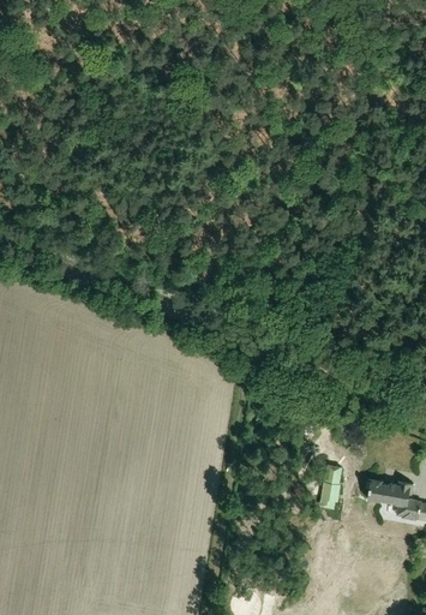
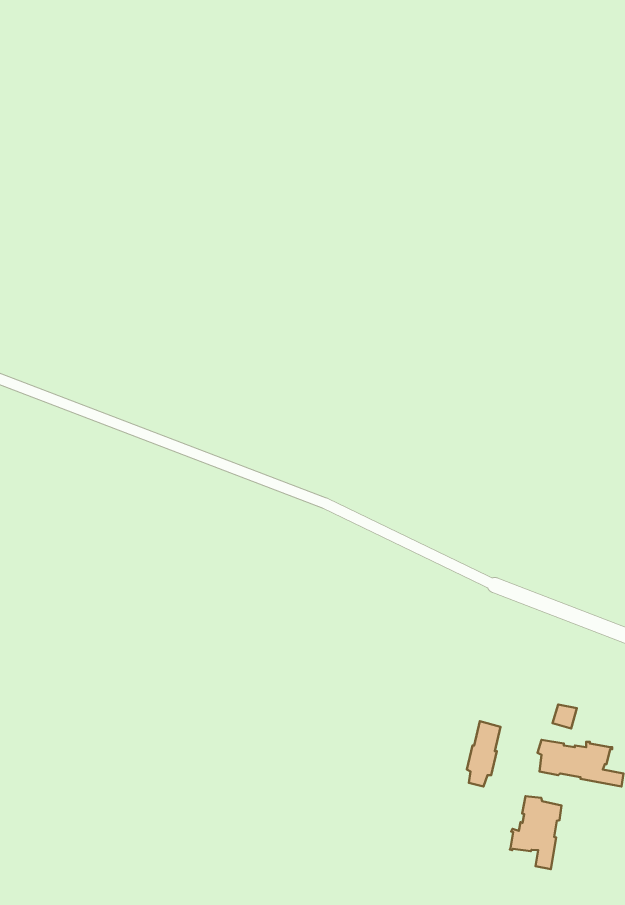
building: none -> [510,796,562,869]

